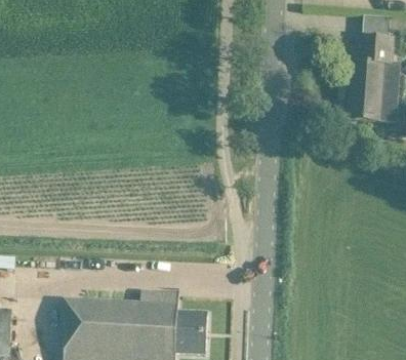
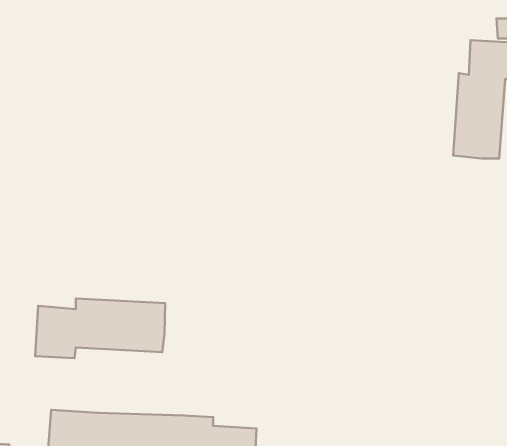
building: none -> [35,298,165,358]

